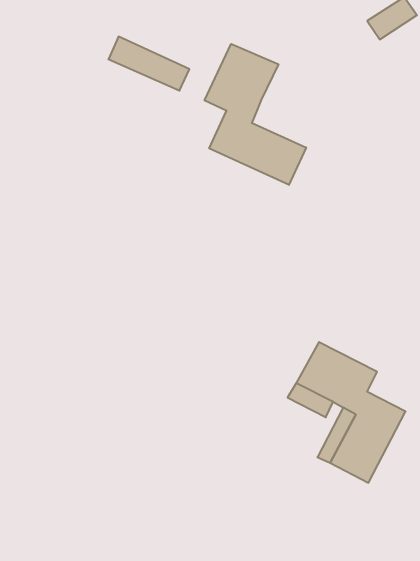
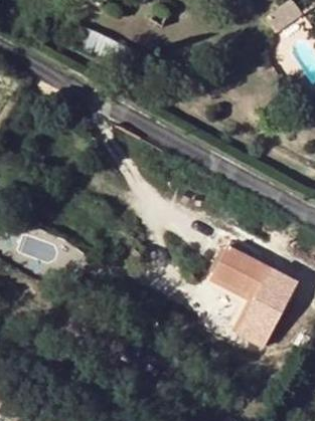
building: [205,44,306,185] -> none

